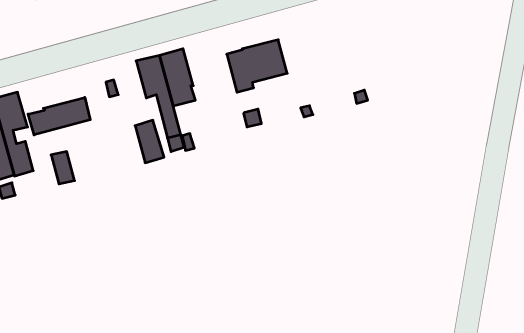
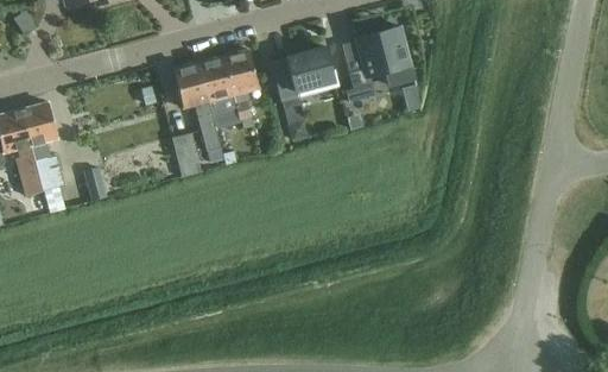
building: none -> [346,26,414,102]
building: none -> [223,49,259,128]
building: [28,97,90,135] -> none

